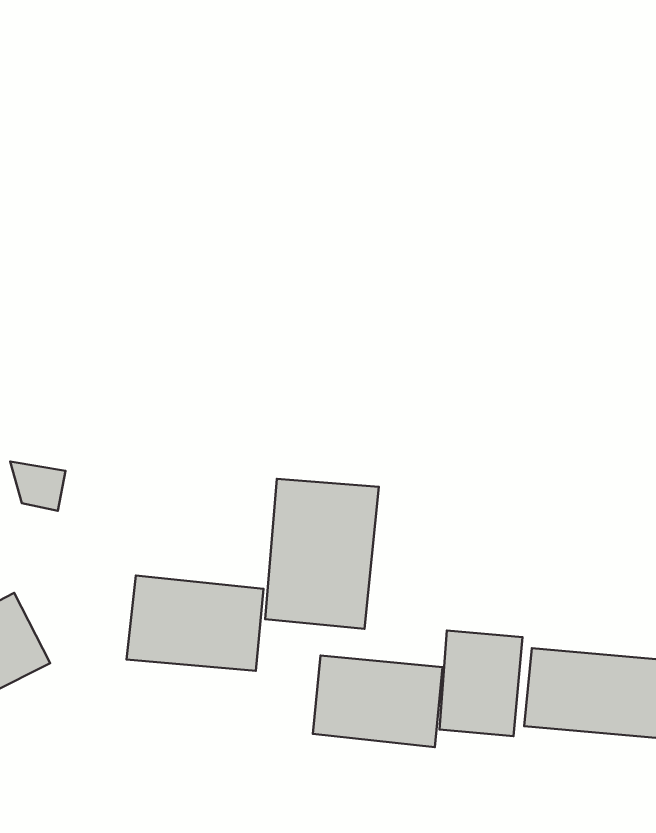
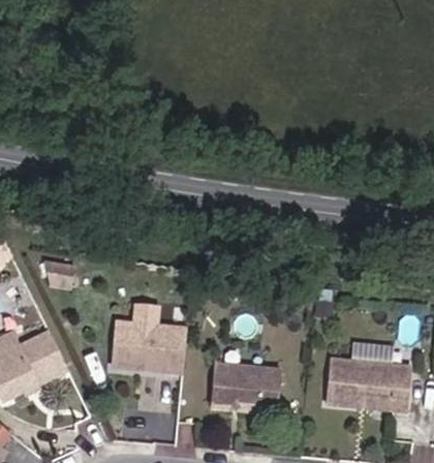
building: [265,479,379,629] -> none
building: [440,630,522,736] -> none

